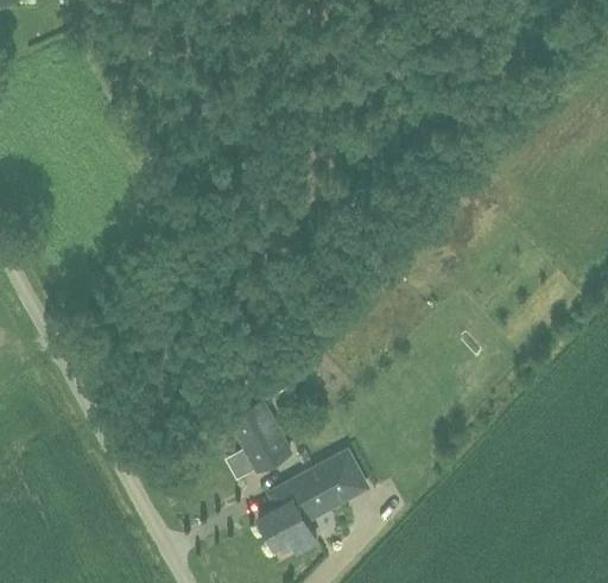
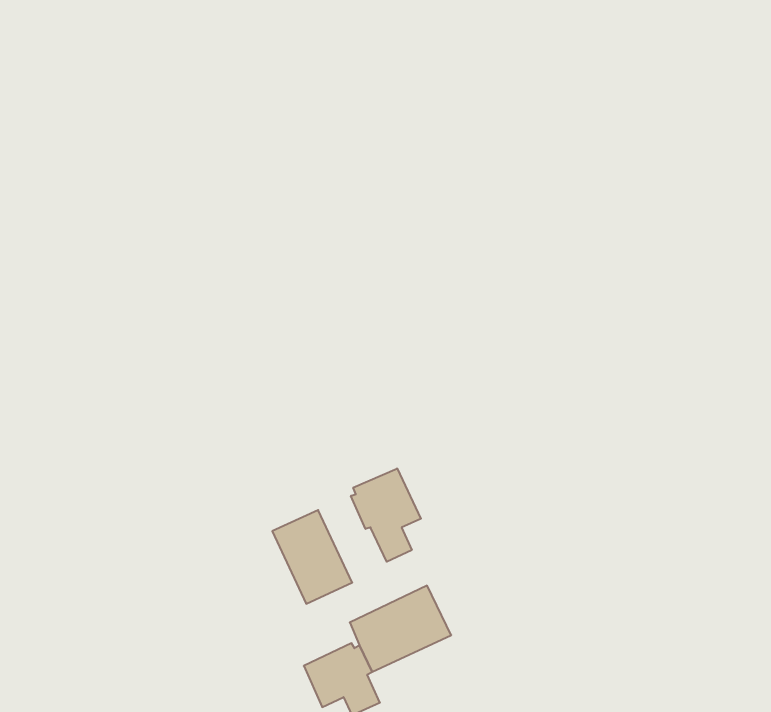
building: none -> [351,468,421,562]

